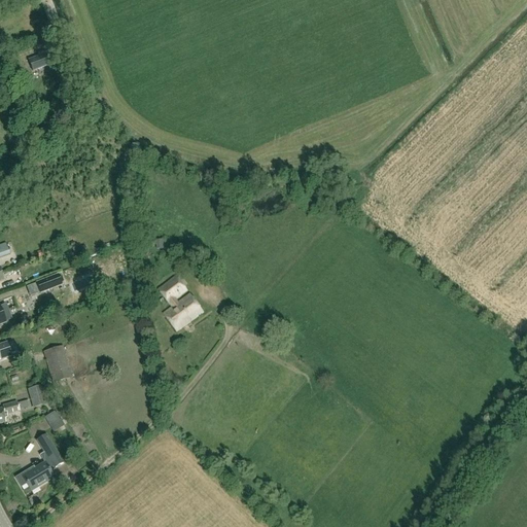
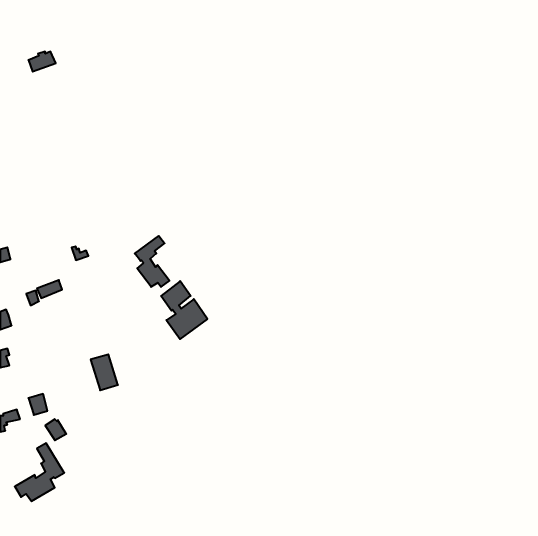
building: none -> [135,236,169,287]
building: [44,346,71,381] -> [91,354,118,390]

